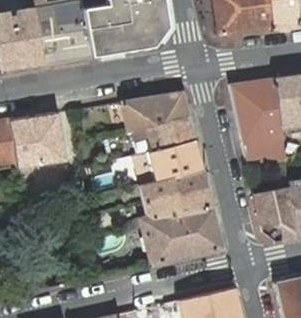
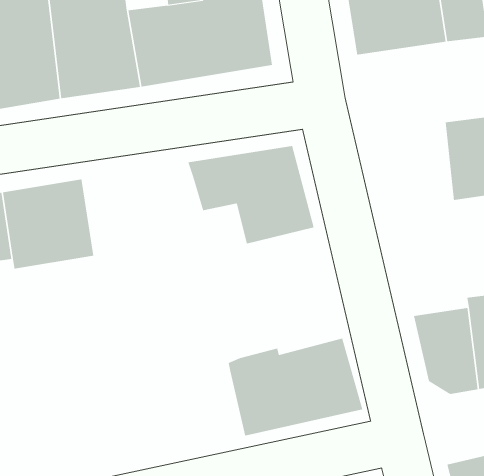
building: [229,77,281,158] -> none
building: [135,140,211,218] -> none

